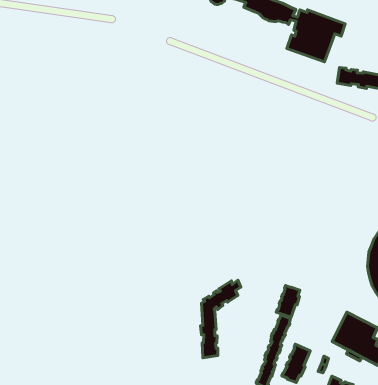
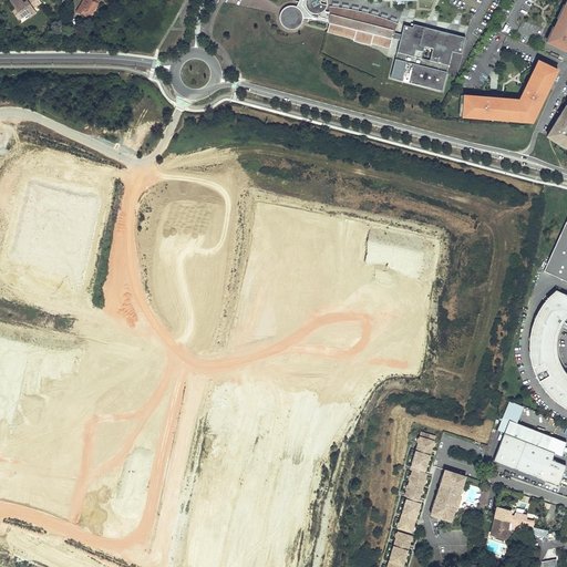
building: [201,280,241,358] -> none
building: [276,286,300,317] -> none

